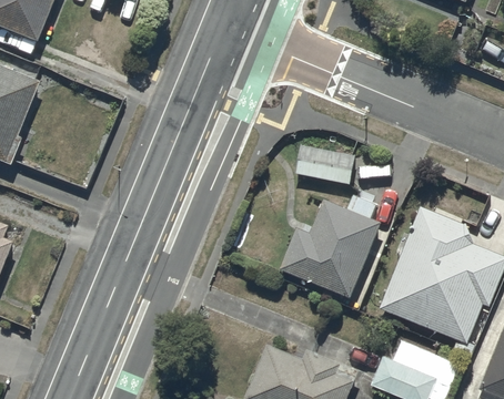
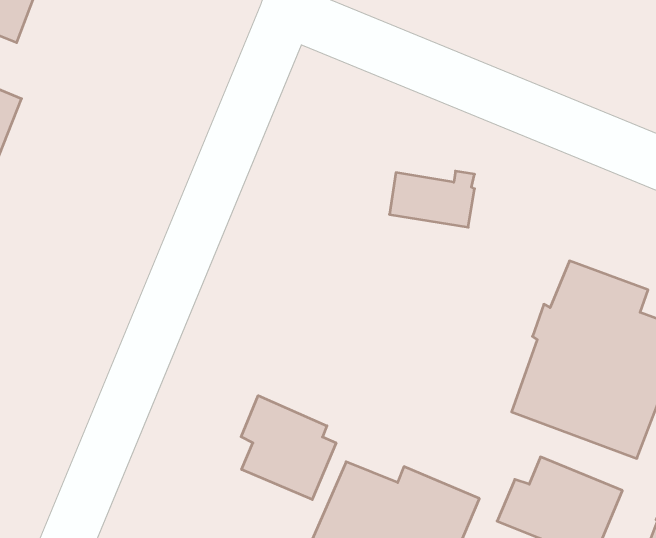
building: [278,188,380,296] -> none
building: none -> [241,396,336,500]

